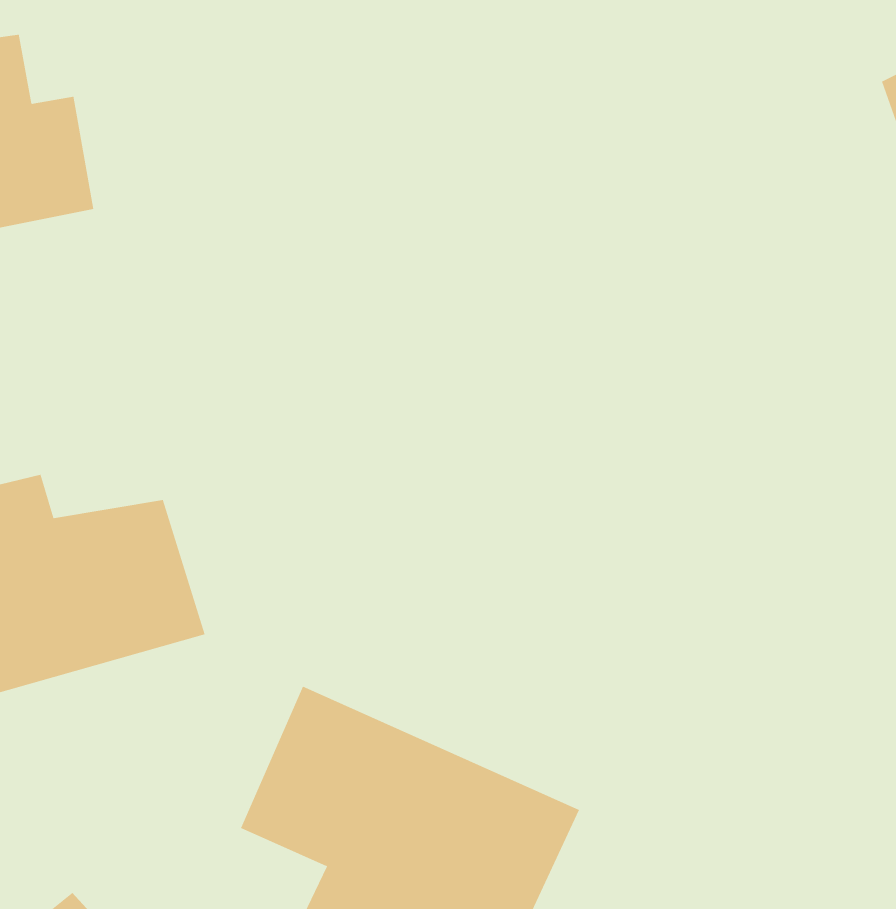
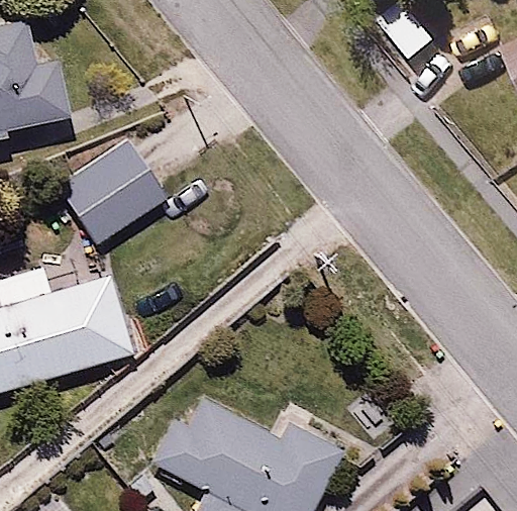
building: none -> [56,132,175,247]

